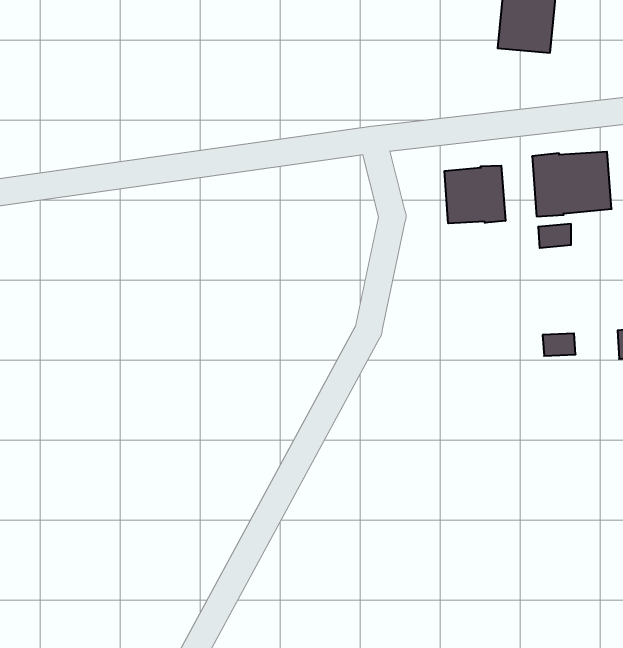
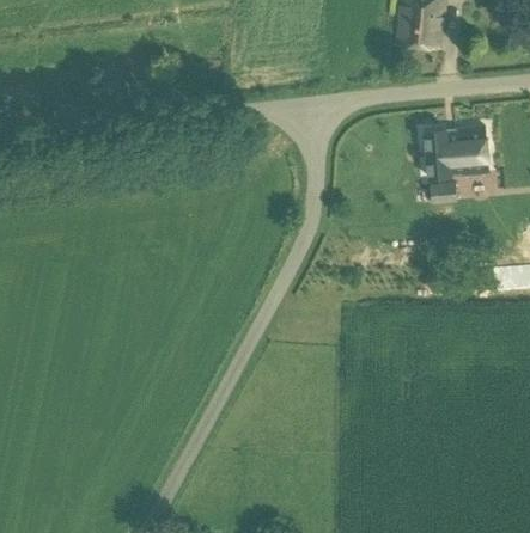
building: [445,166,505,223] -> none

